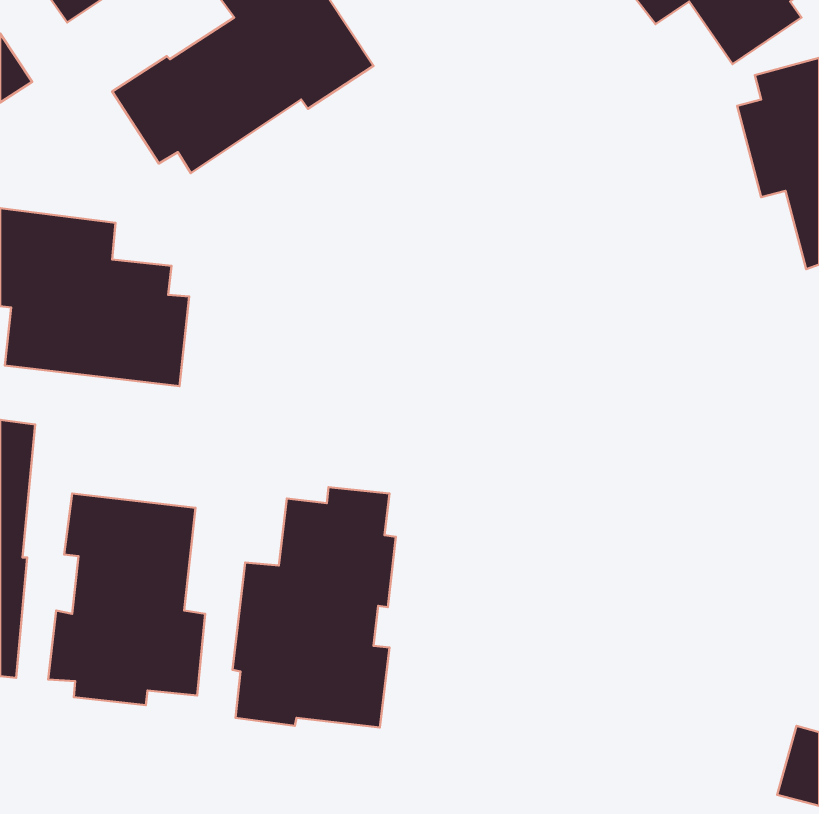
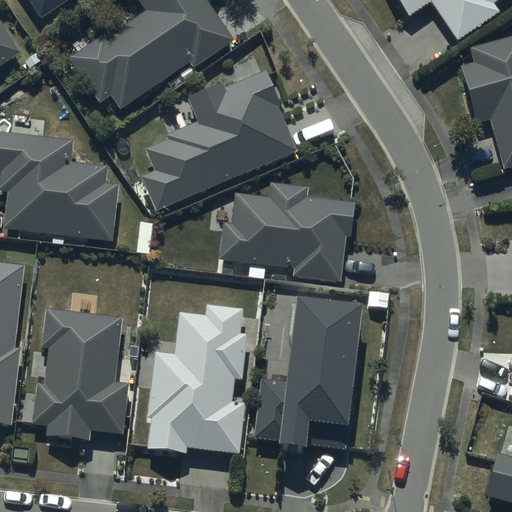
building: none -> [141,71,297,210]
building: none -> [219,182,354,282]
building: none -> [253,297,360,449]

